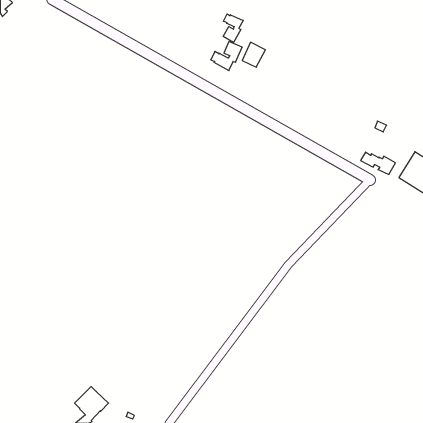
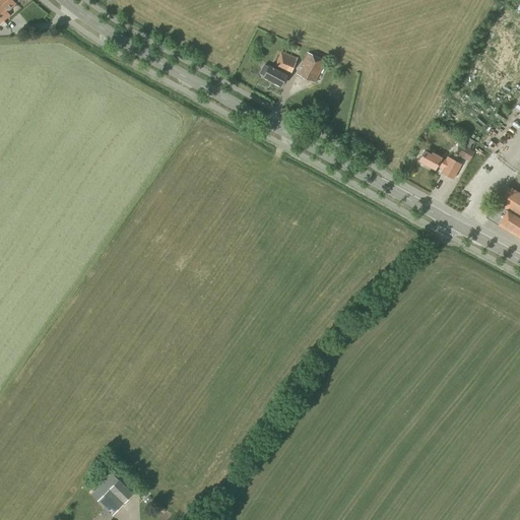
building: [223,14,243,42] -> none
building: [361,152,395,174] -> [419,150,462,178]

